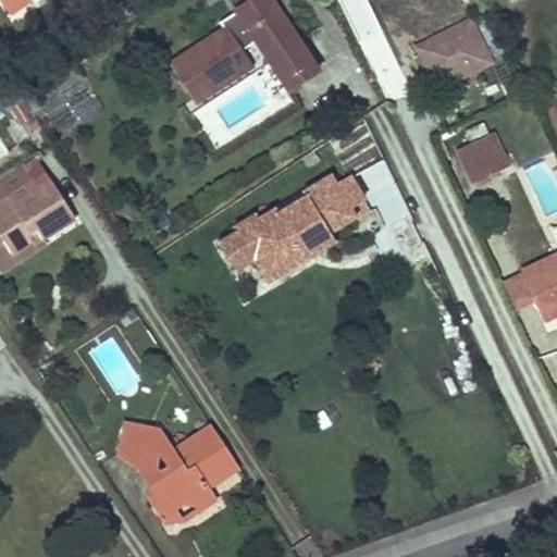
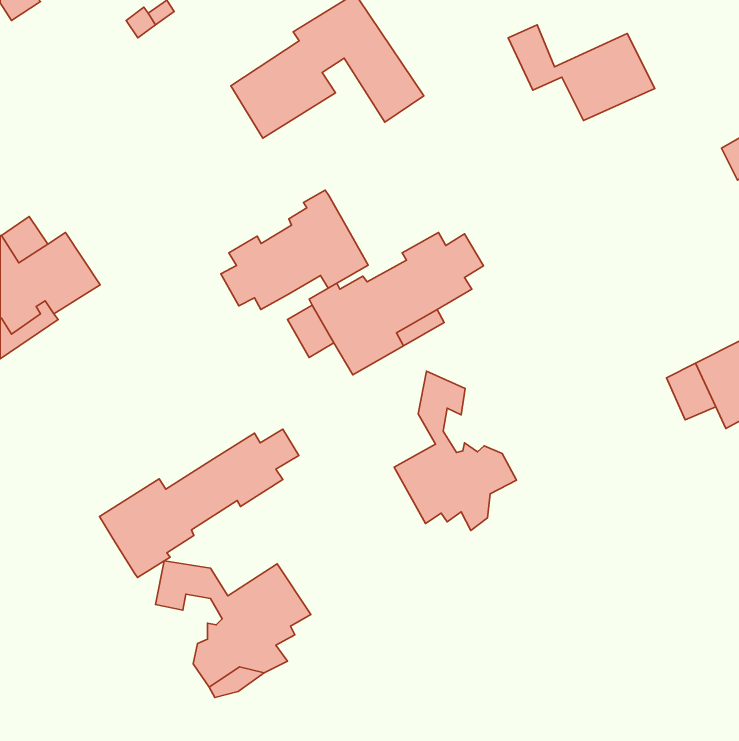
building: [460,135,508,177] -> none
building: none -> [221,190,368,310]
building: none -> [394,371,516,531]
building: none -> [100,429,299,577]

